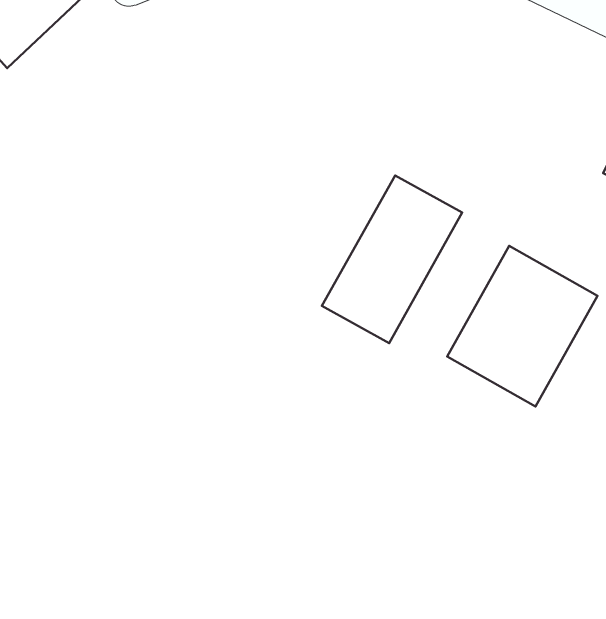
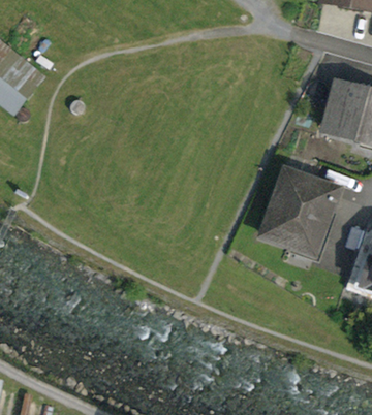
building: [322,175,462,343] -> none

